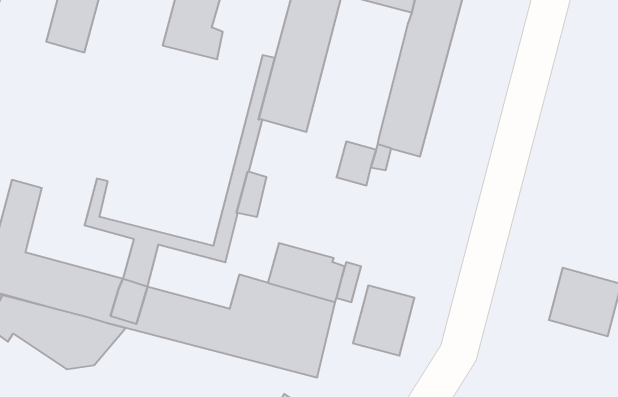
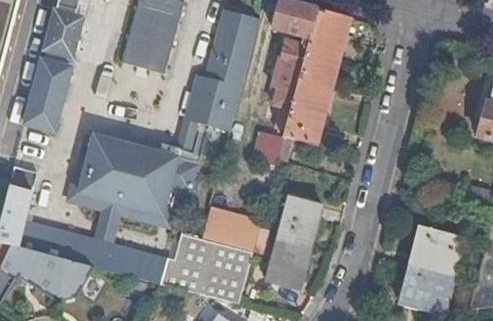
building: none -> [271,42,305,130]
building: none -> [22,70,68,142]
building: none -> [80,130,178,209]
building: none -> [276,196,322,247]
building: none -> [398,263,451,314]

